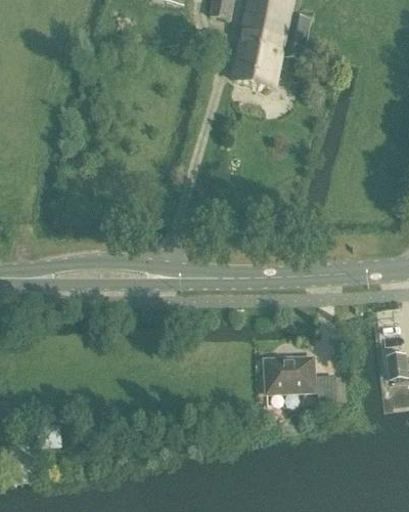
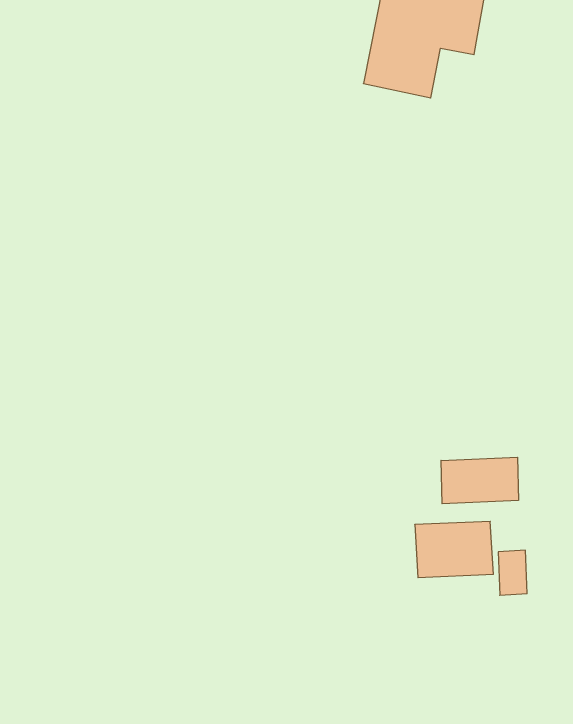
building: none -> [441,457,518,504]

